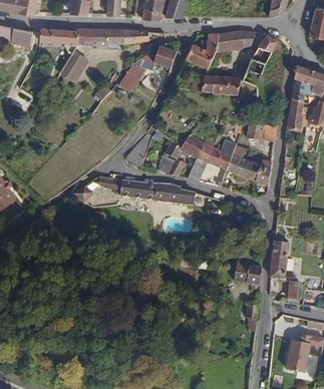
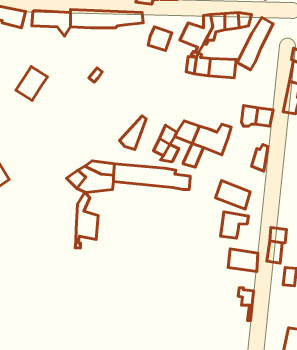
building: [58,50,89,83] -> [16,67,48,100]
building: [117,53,155,92] -> none
building: [226,152,260,180] -> [215,180,250,209]
building: none -> [75,192,98,248]
building: none -> [220,212,249,238]

